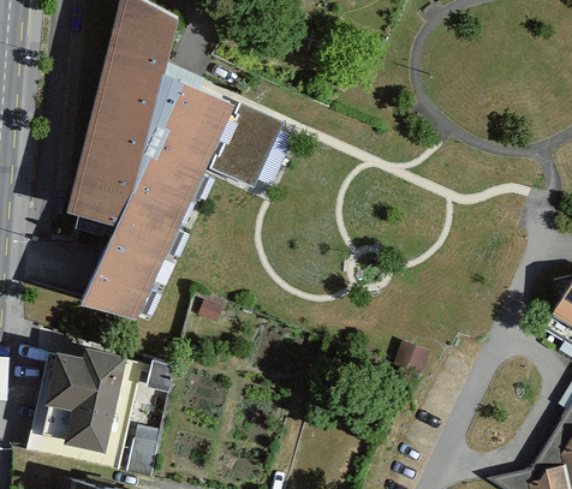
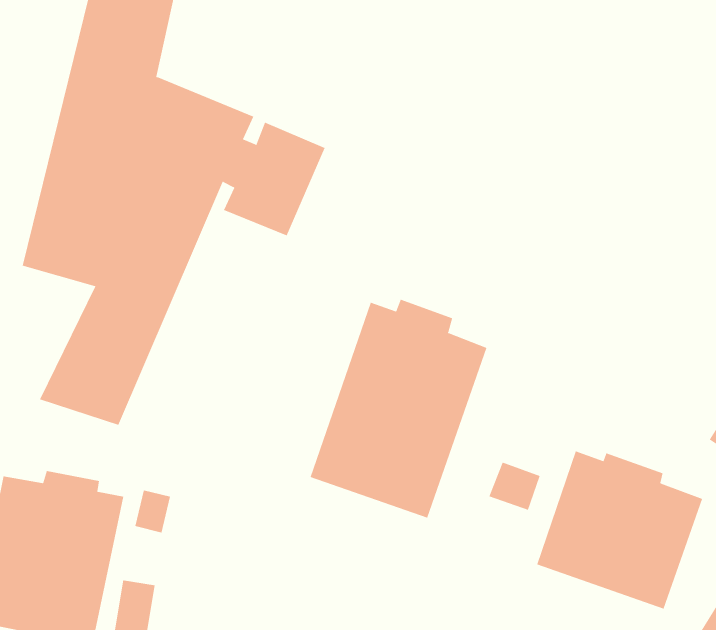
building: none -> [310,299,487,519]
building: none -> [537,451,703,609]

